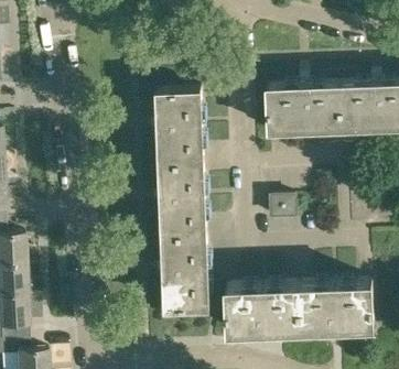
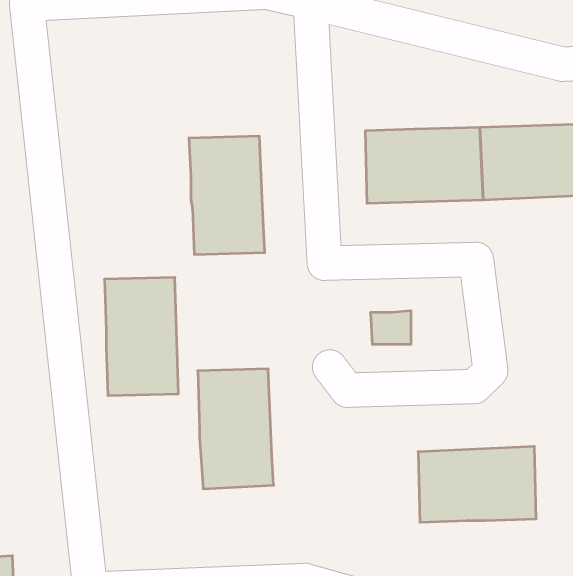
building: [161,161,207,235] -> [104,277,178,396]
building: [227,285,302,332] -> none

